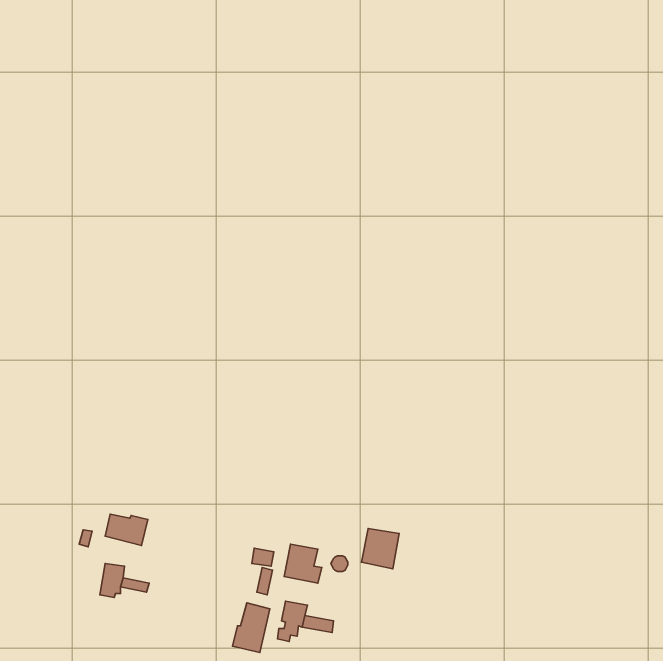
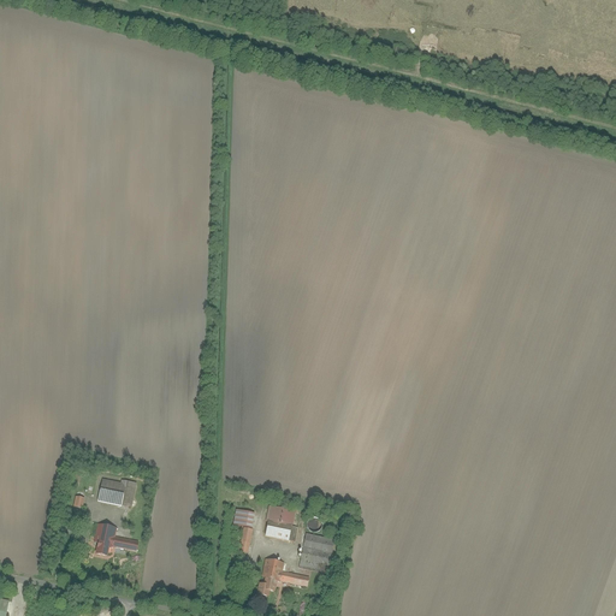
building: [362,528,399,569] -> [300,533,334,570]
building: [232,603,270,652] -> none

